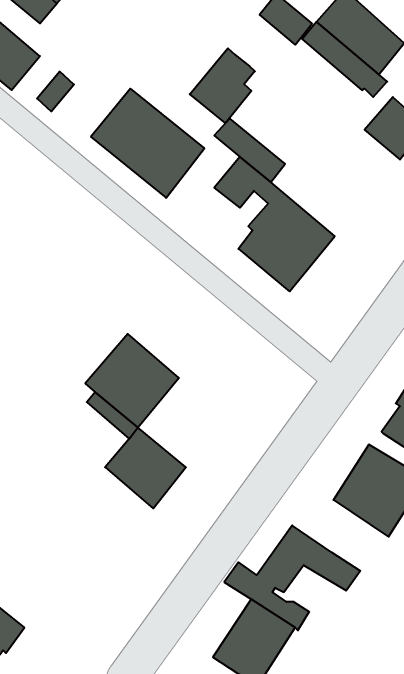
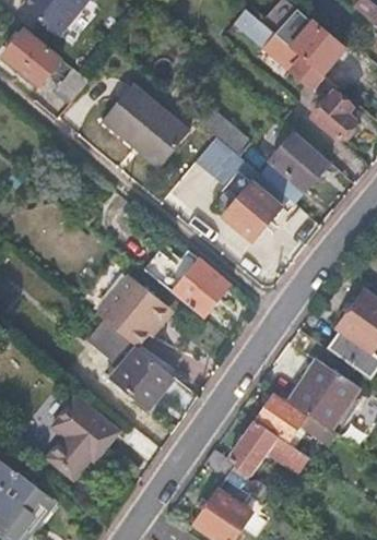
building: [190,48,255,123] -> none
building: none -> [271,133,328,190]
building: none -> [143,248,231,317]
building: none -> [256,394,337,444]
building: none -> [37,398,118,477]

